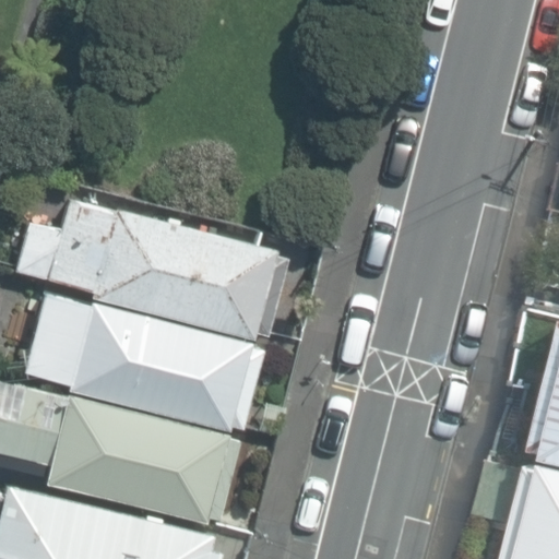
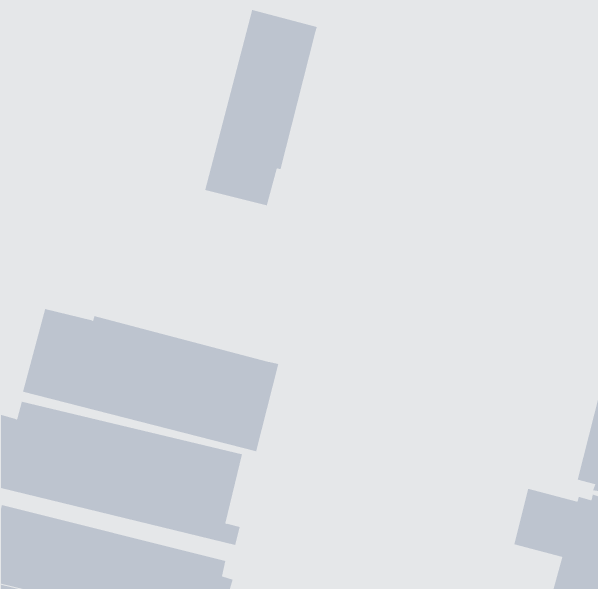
building: none -> [204,9,318,206]
building: [15,205,286,346] -> none

